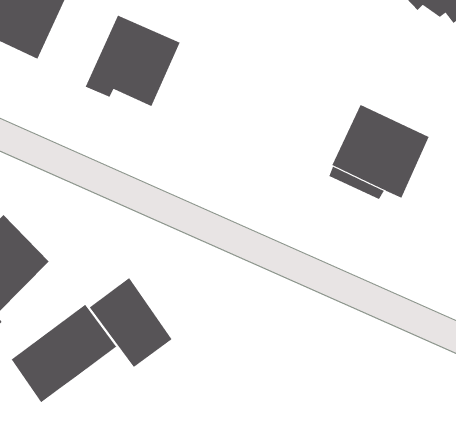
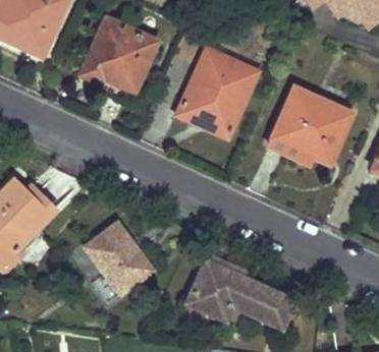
building: none -> [176,50,257,137]
building: [11,304,117,403] -> none
building: none -> [185,259,294,329]

